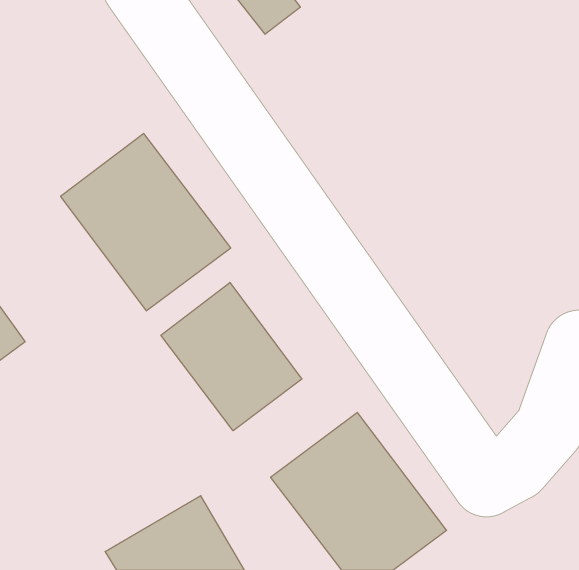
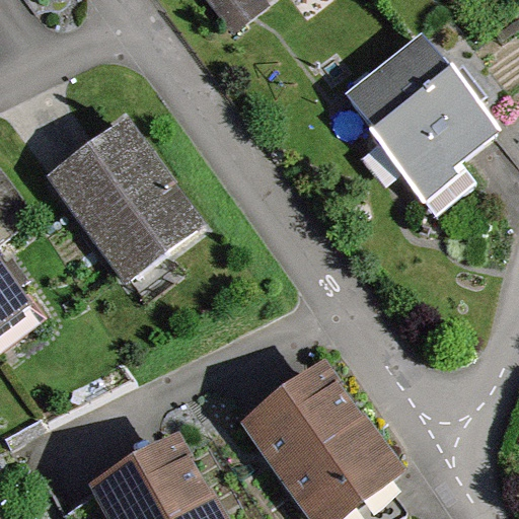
building: none -> [343,39,498,197]
building: [161,282,302,431] -> none

